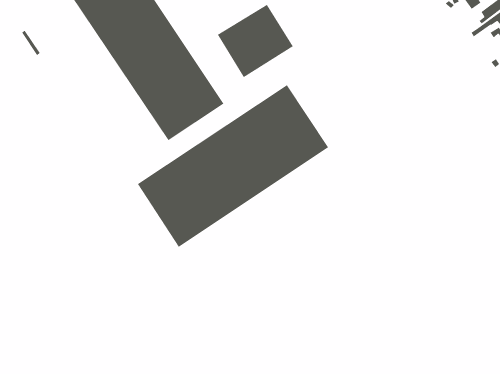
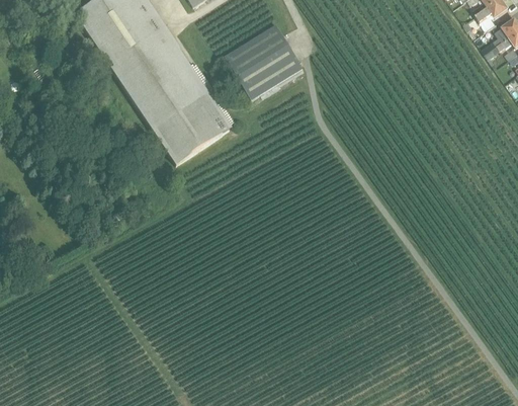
building: [137,84,329,248] -> none

